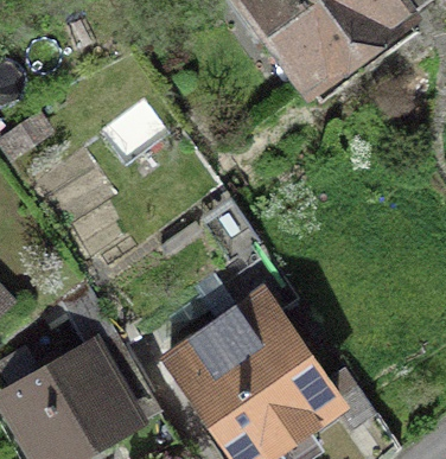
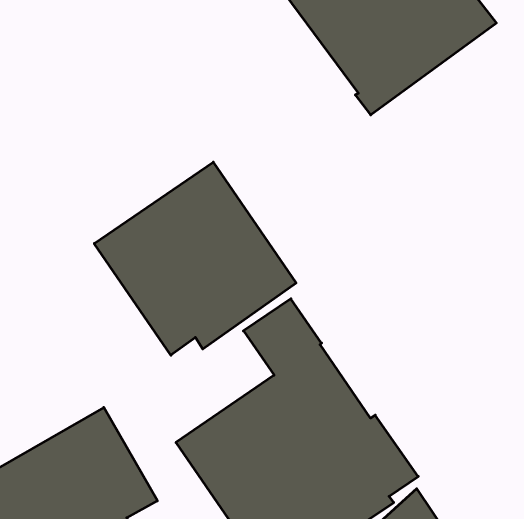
building: none -> [94,162,296,355]

